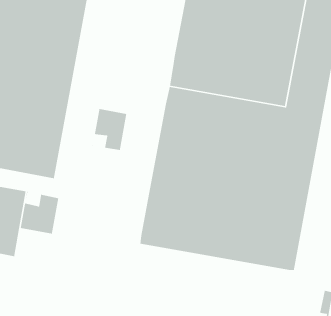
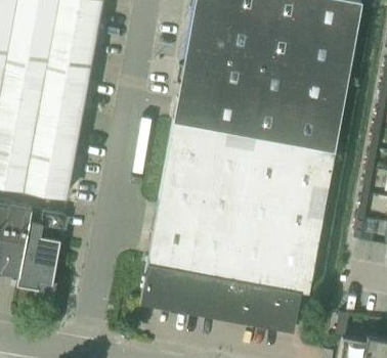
building: [92,108,127,151] -> none
building: none -> [17,248,58,292]
building: none -> [141,264,305,330]

